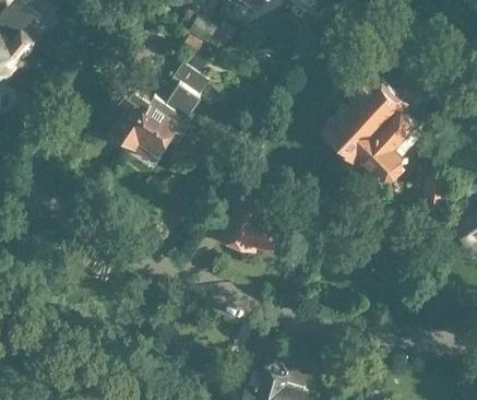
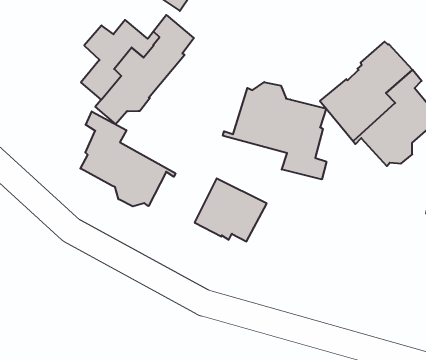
building: none -> [223,82,326,179]
building: none -> [80,111,175,206]

